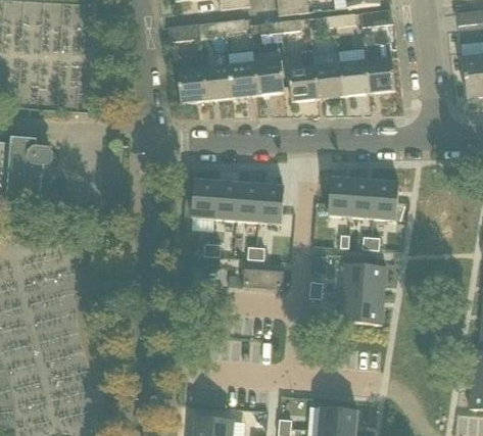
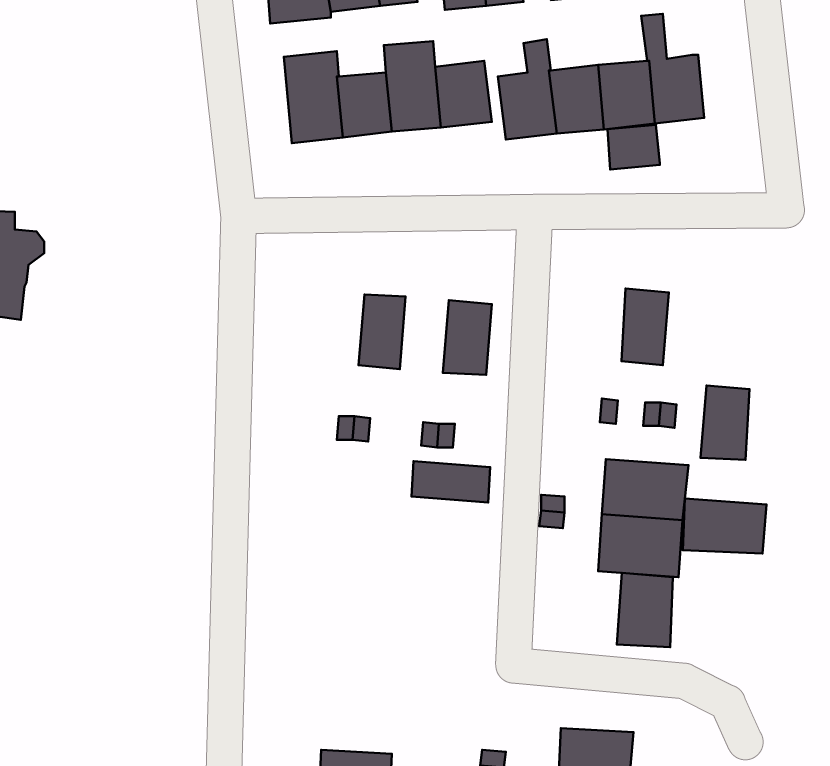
building: none -> [608,125,660,169]
building: [328,177,353,215] -> none
building: [191,179,218,217] -> none
building: [373,180,398,219] -> [700,385,750,460]
building: [236,182,261,222] -> none
building: none -> [683,498,767,554]
building: none -> [617,573,673,647]

